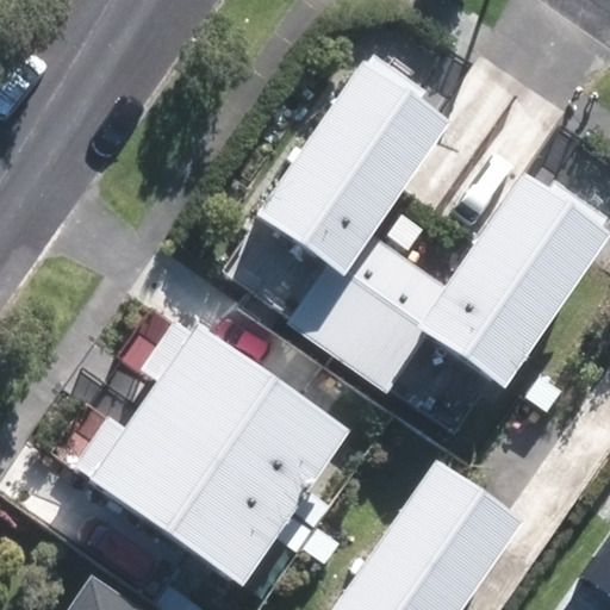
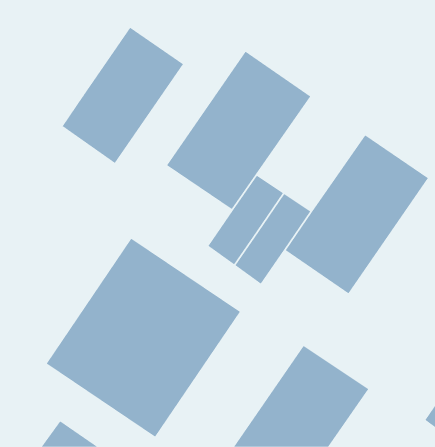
building: none -> [62,27,184,164]

